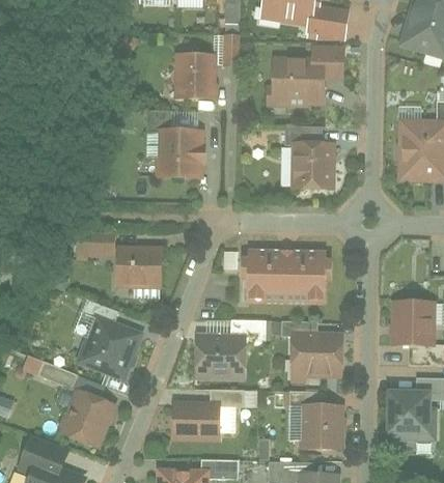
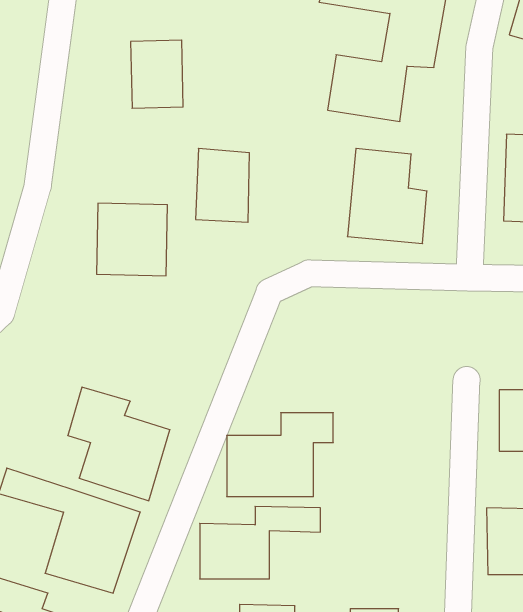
building: [181,49,219,98] -> [131,40,183,108]
building: [111,244,163,296] -> [97,203,167,276]
building: [239,246,331,296] -> none
building: [283,321,344,378] -> none
building: [289,403,342,452] -> none

